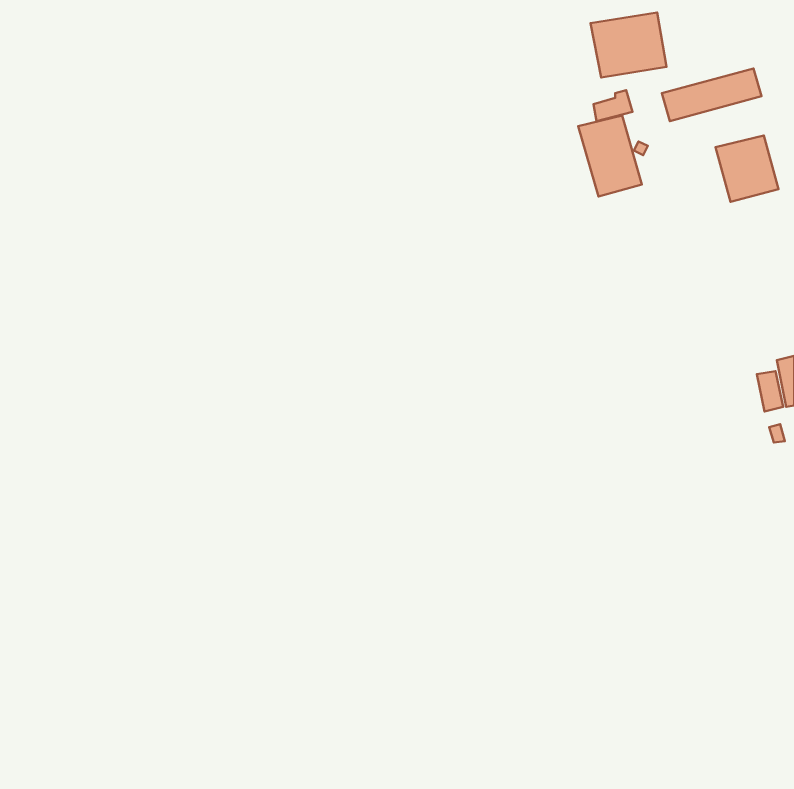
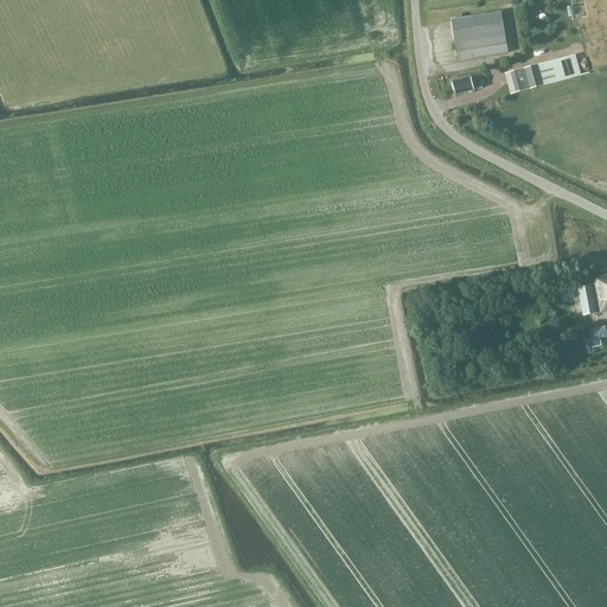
building: [578,116,642,196] -> none
building: [716,136,778,202] -> none

